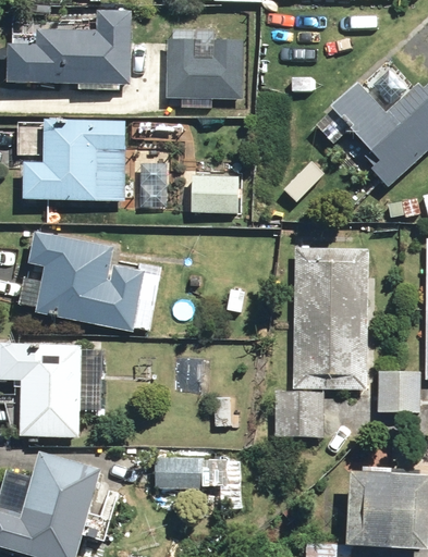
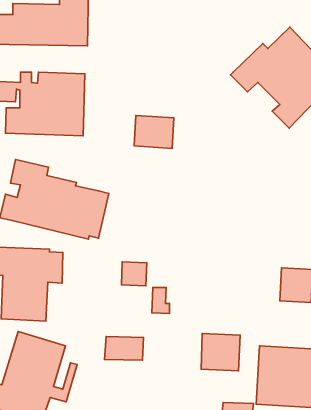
building: [164,39,242,100] -> none
building: [291,249,369,388] -> none
building: [272,391,322,438] -> [201,334,240,371]

